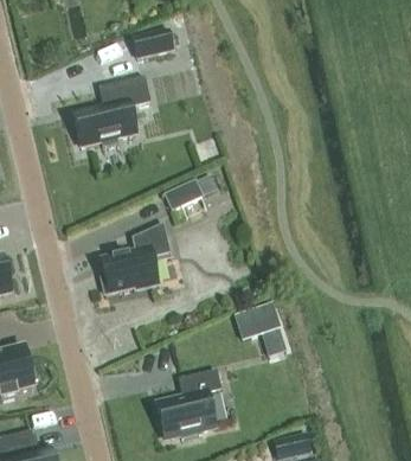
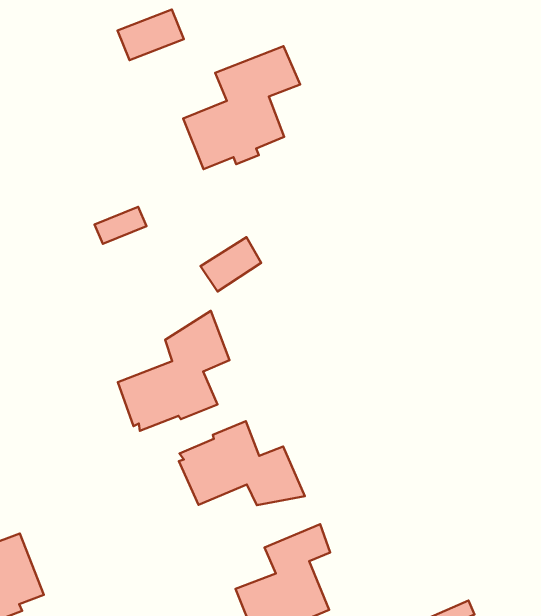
building: [73,75,152,146] -> [183,46,300,169]
building: none -> [179,421,305,505]
building: [236,303,278,337] -> none

